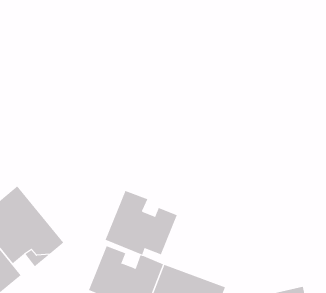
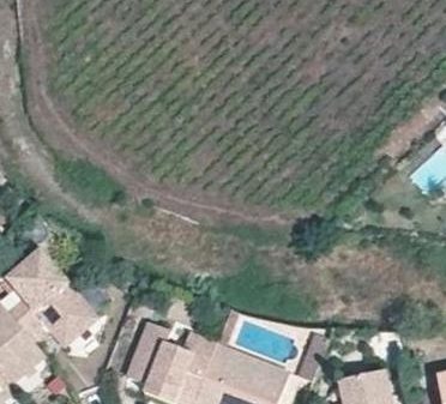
building: [105,190,177,255] -> none

